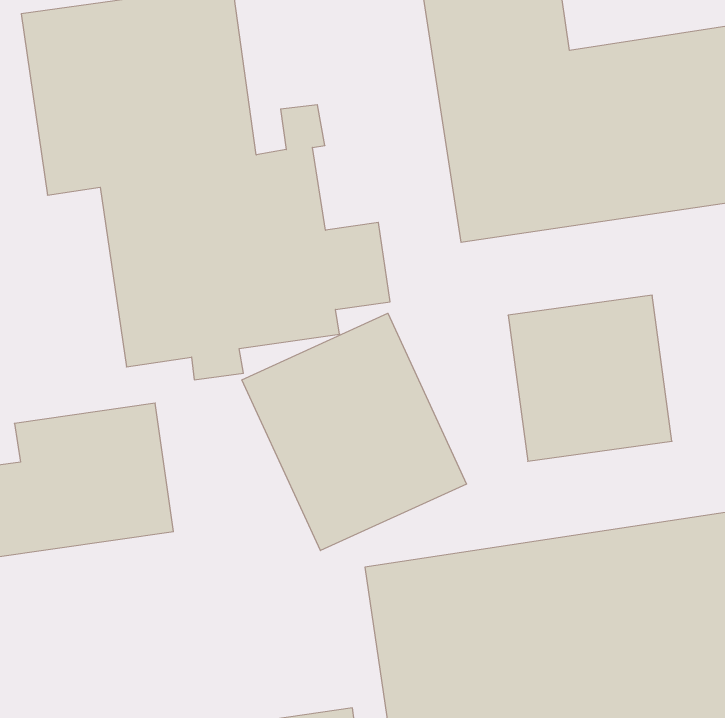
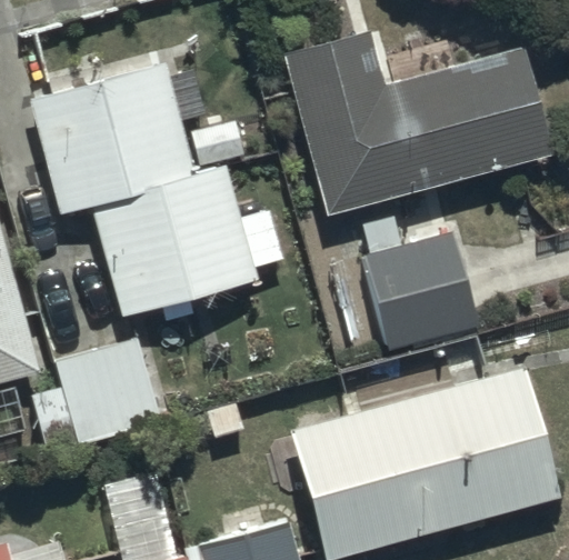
building: [242,313,466,551] -> none

